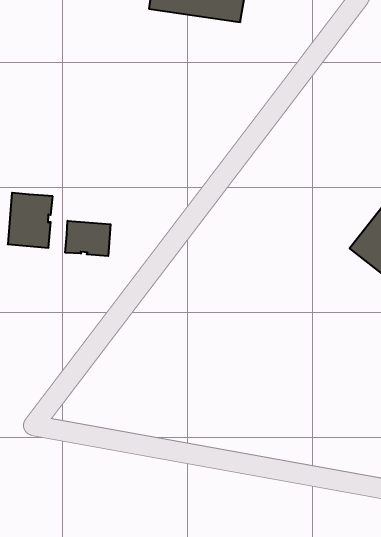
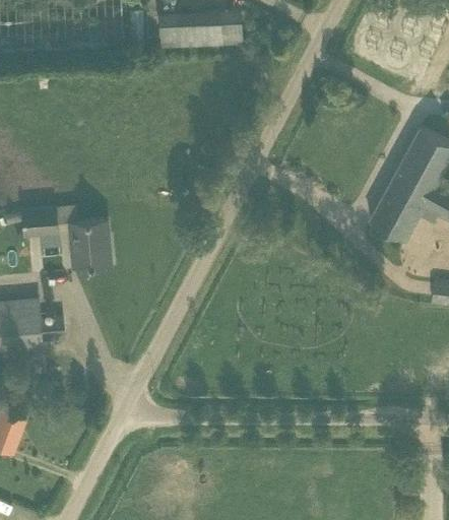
building: [65,221,111,256] -> none

